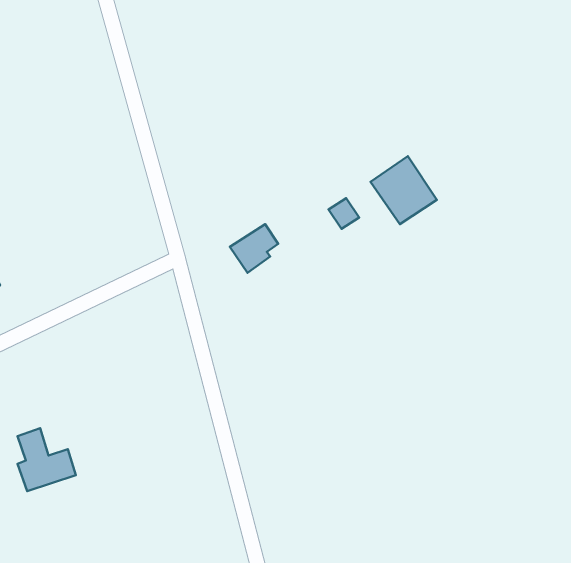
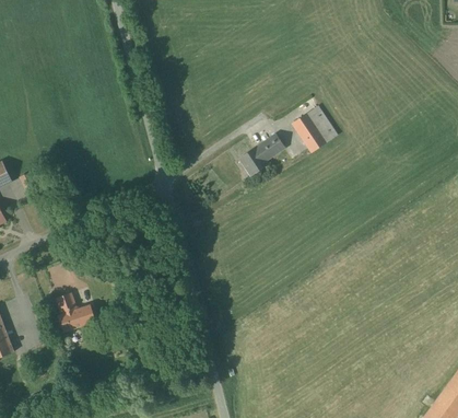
building: [230,224,278,273] -> [239,142,272,175]

